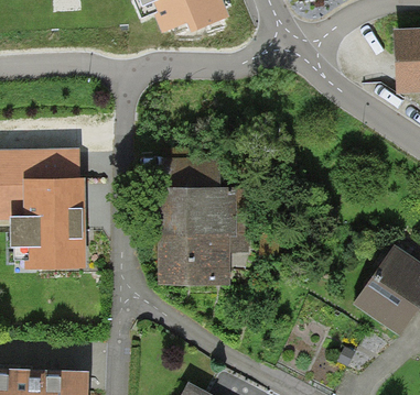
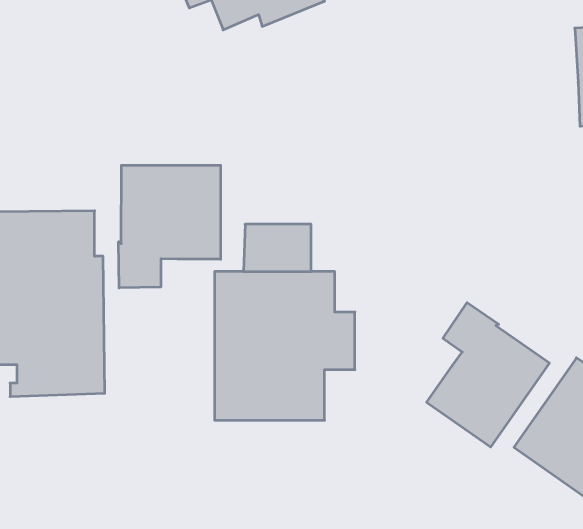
building: none -> [119,165,221,288]
building: none -> [427,303,549,447]

